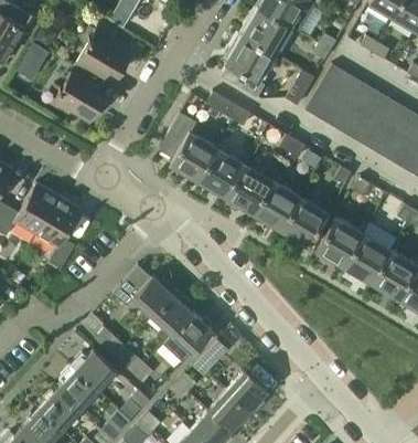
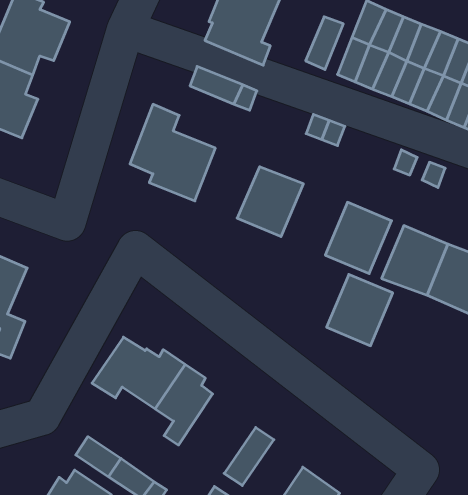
building: [199,148,245,197] -> none
building: [253,180,300,230] -> [327,274,393,346]
building: [162,312,213,362] -> none

